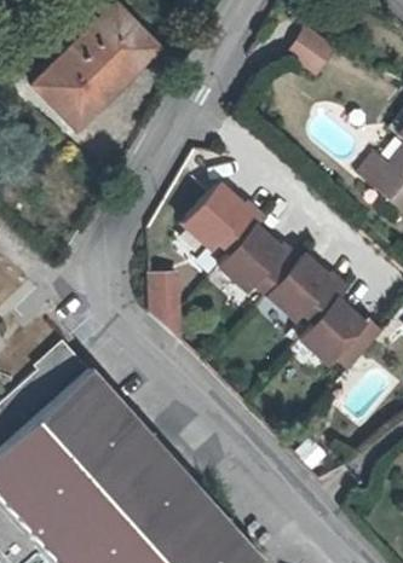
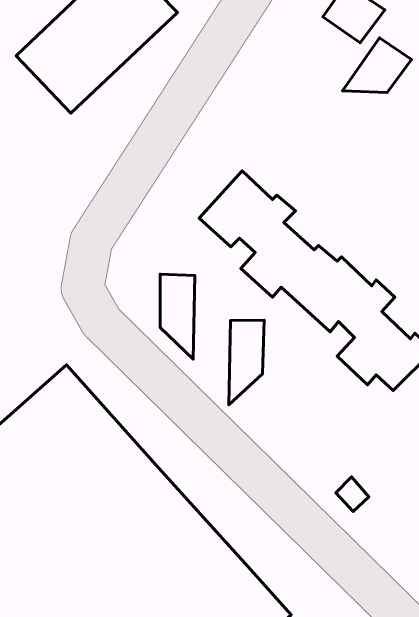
building: none -> [343,38,412,93]
building: none -> [229,320,264,405]

